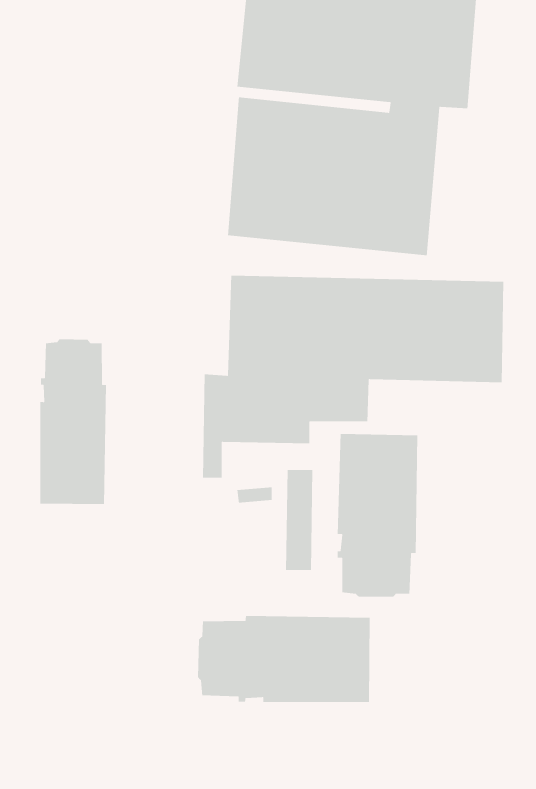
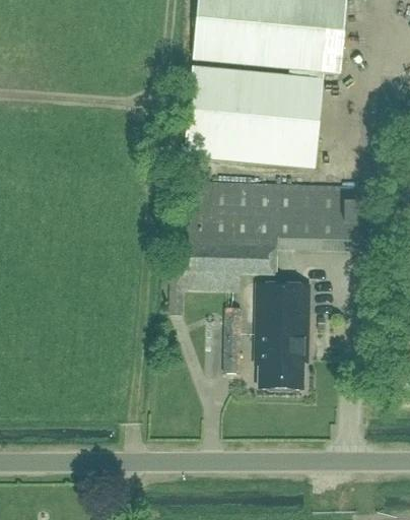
building: [40,338,107,505] -> none
building: [197,615,371,703] -> none

